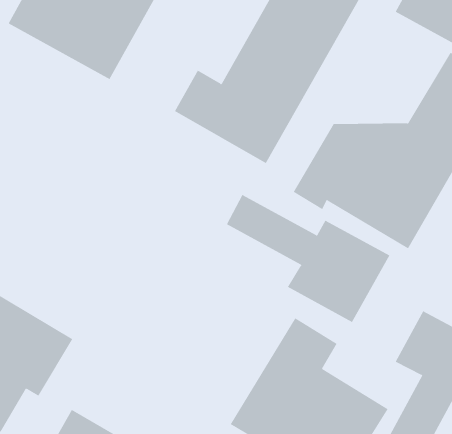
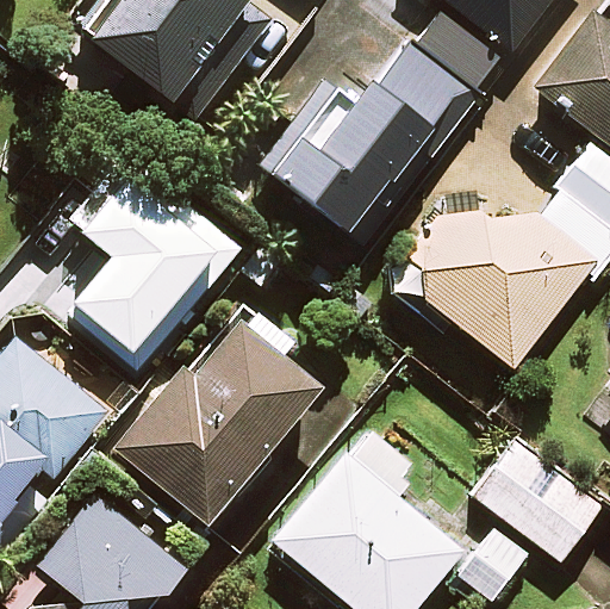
building: none -> [68,168,236,368]
building: [226,194,390,323] -> none
building: none -> [118,310,316,523]

